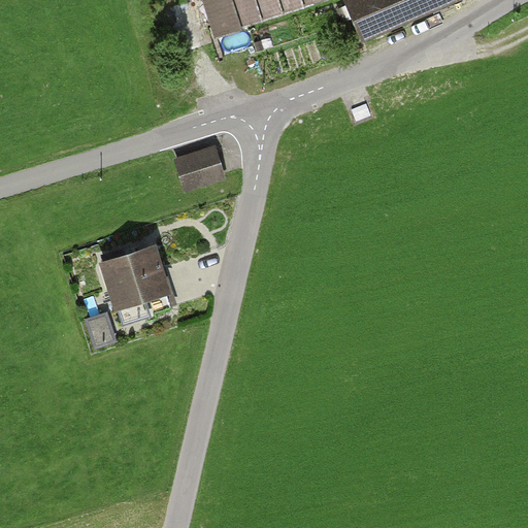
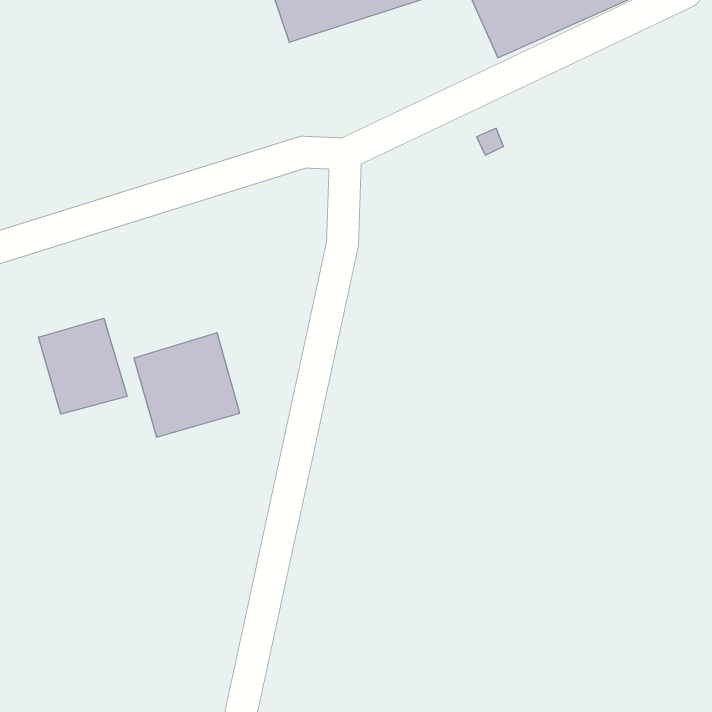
building: [174,146,225,190] -> none
building: none -> [39,318,127,414]

